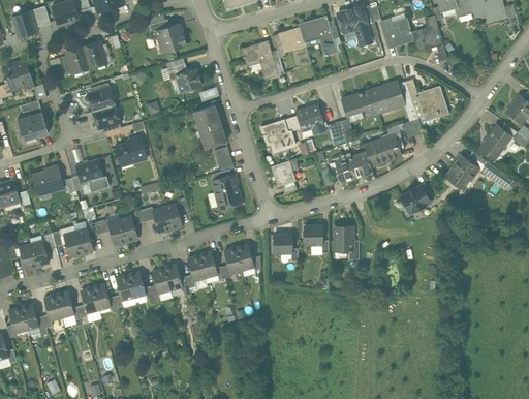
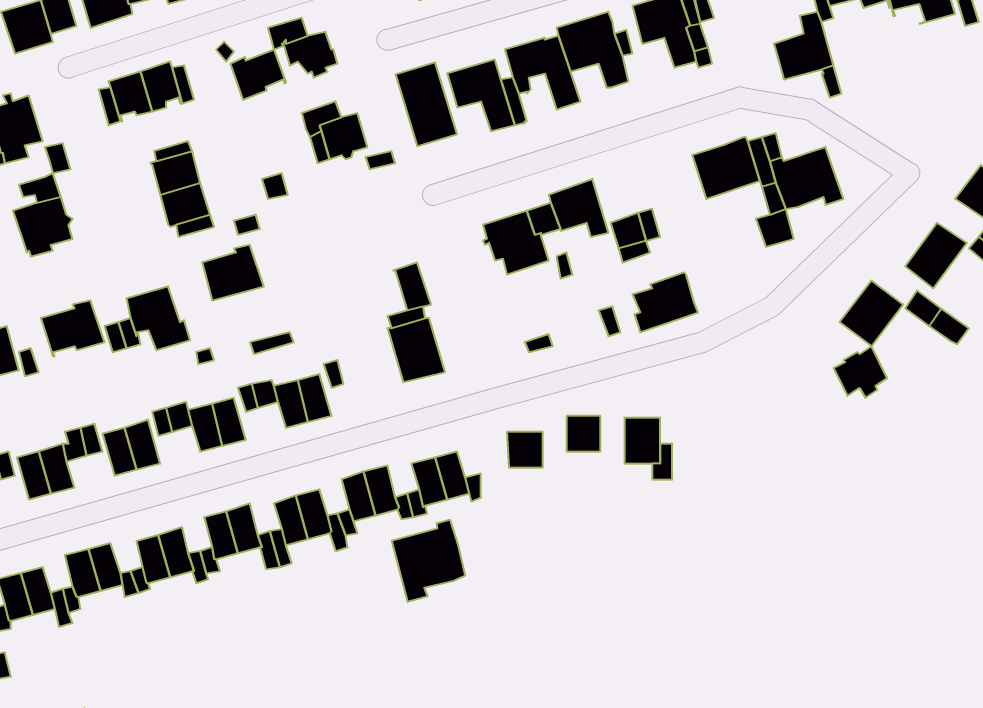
building: [380,18,413,48] -> none
building: none -> [231,50,286,100]
building: [341,90,377,117] -> none
building: [193,104,225,148] -> [395,63,457,146]
building: [363,135,401,166] -> none
building: [270,160,295,186] -> none
building: [401,185,429,212] -> [834,346,887,398]
building: none -> [392,520,465,602]

